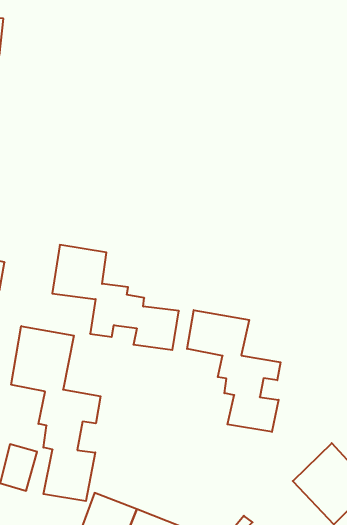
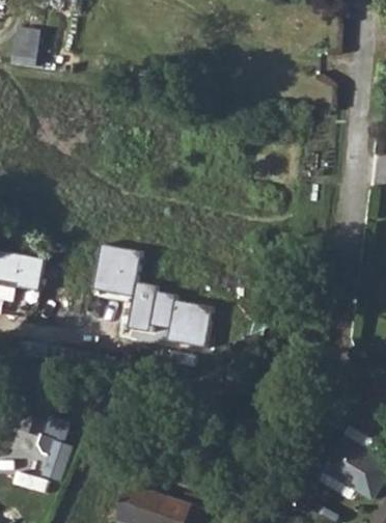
building: [187,310,281,432] -> none
building: [11,326,101,501] -> none

